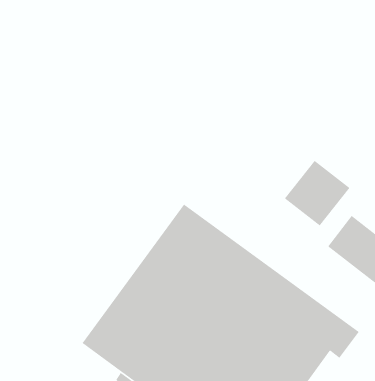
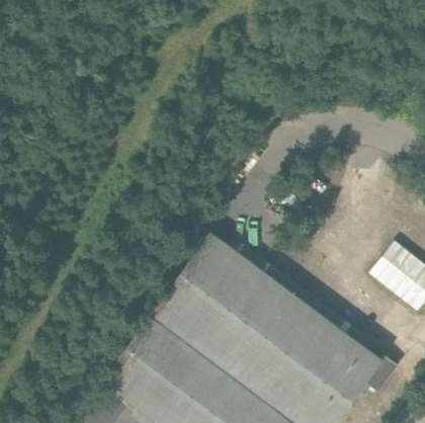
building: [284,160,351,227] -> none

